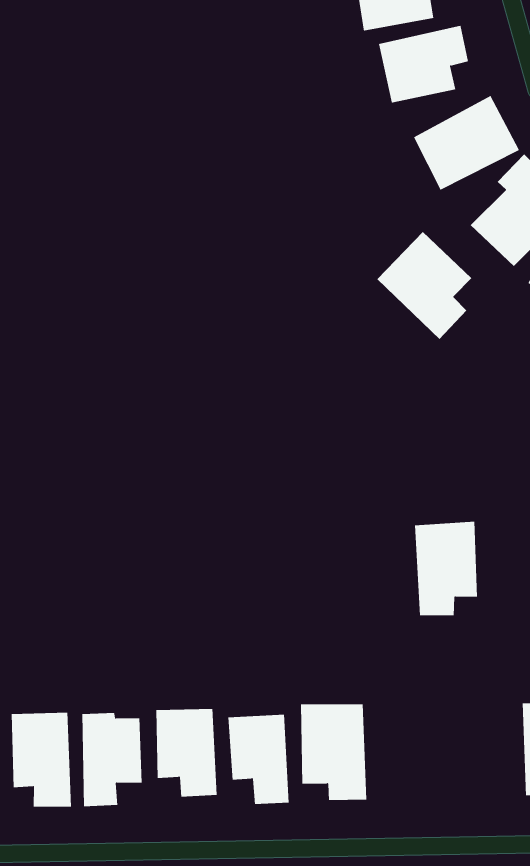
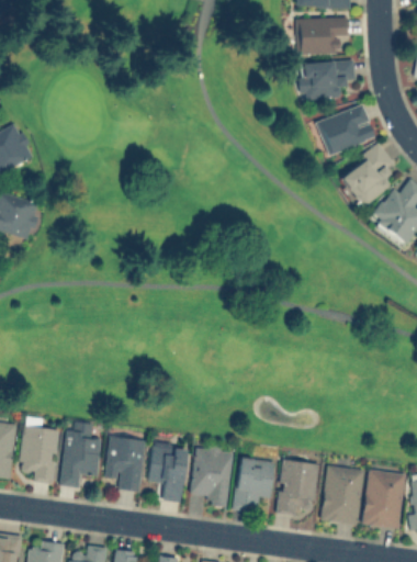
building: [377,231,472,340] -> none
building: [414,521,478,616] -> [277,459,318,516]
building: none -> [234,457,274,513]

